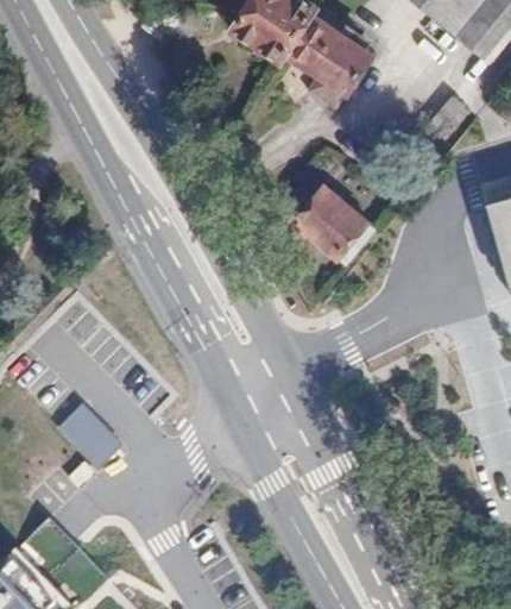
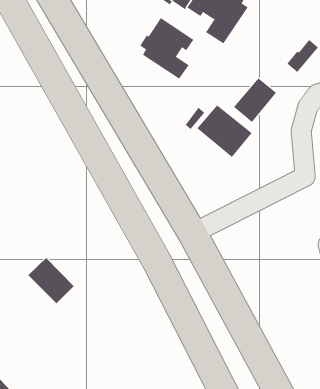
building: none -> [140,17,194,80]
building: none -> [233,78,277,123]

